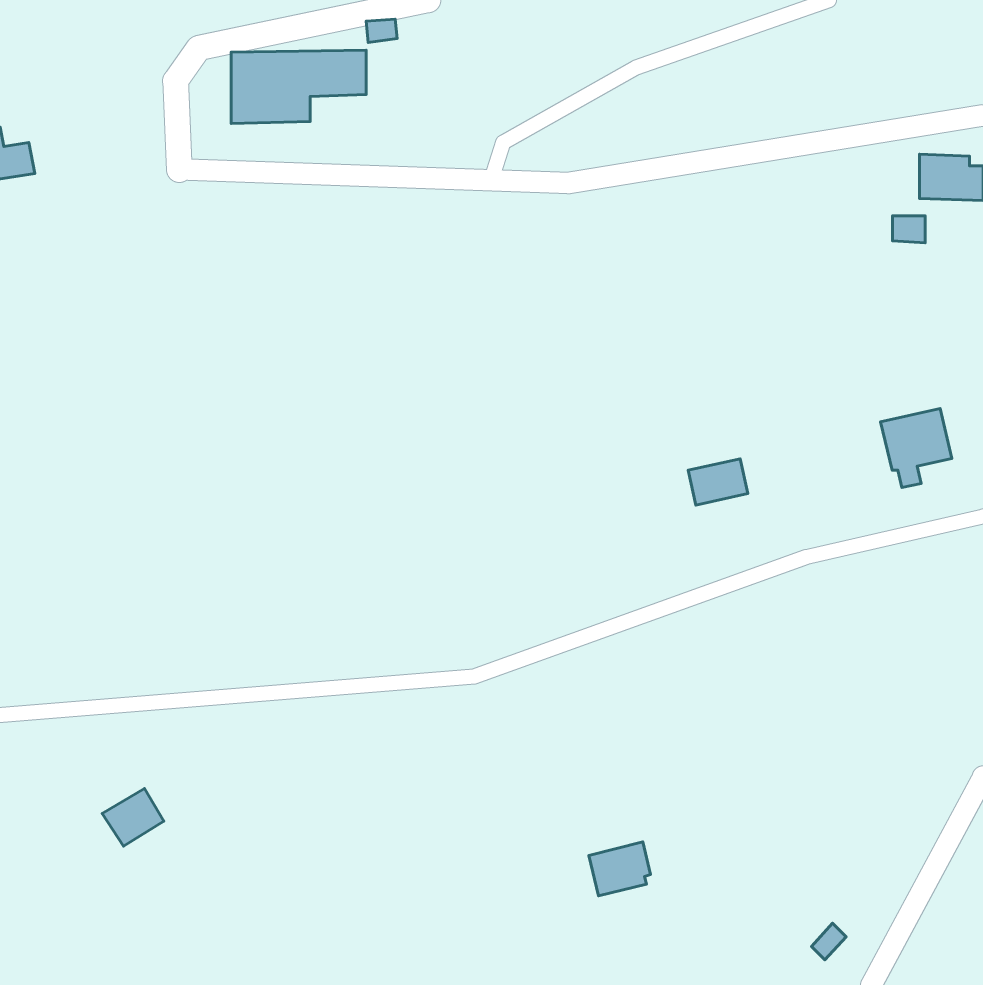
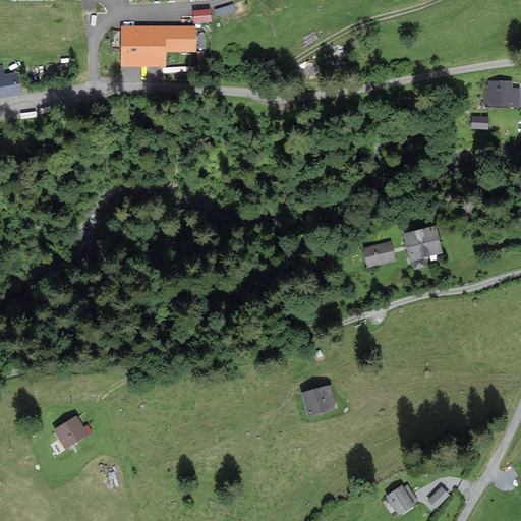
building: [881,408,952,487] -> [403,226,441,268]
building: [589,842,650,896] -> [301,386,334,414]
building: none -> [386,485,415,513]

